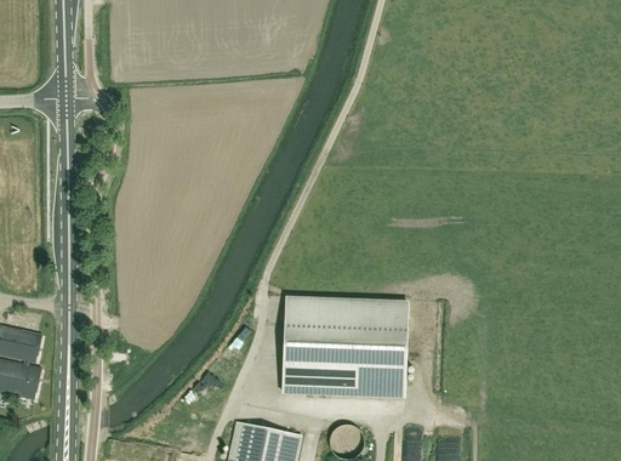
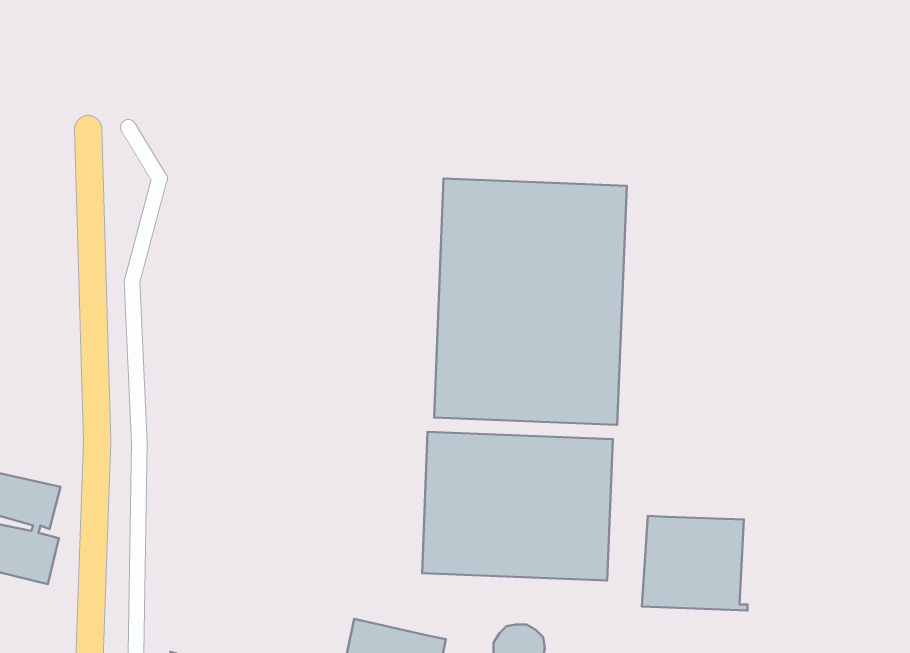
building: none -> [434,179,627,425]
building: none -> [642,516,747,611]

